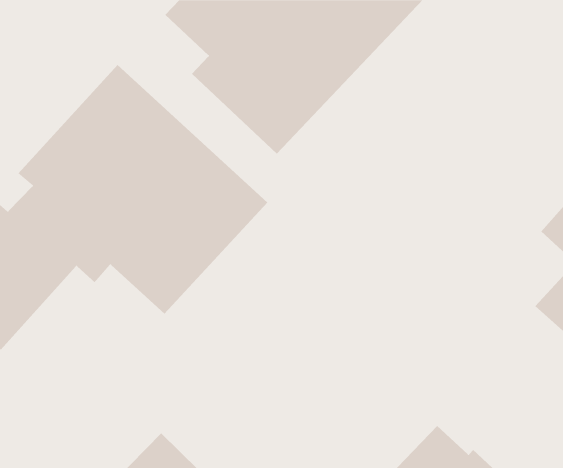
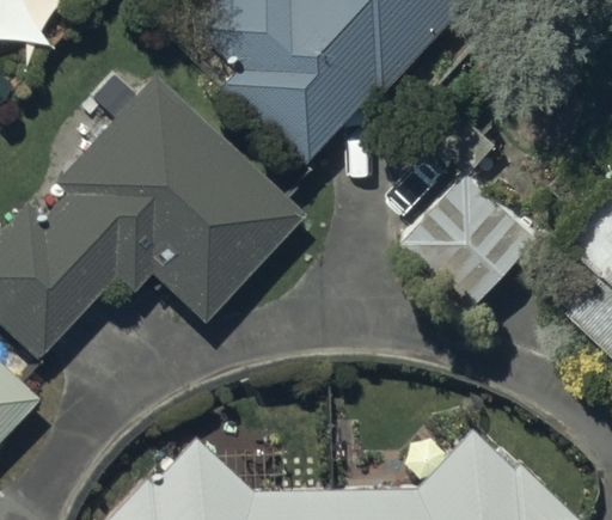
building: none -> [403,116,545,307]

